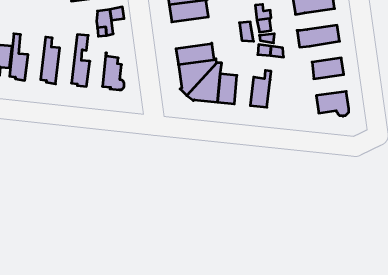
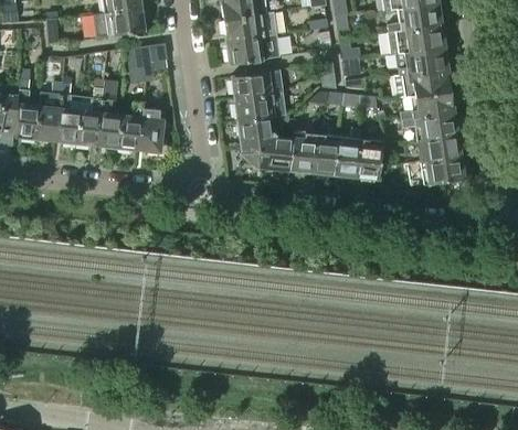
building: none -> [399,46,448,75]
building: none -> [232,69,283,99]
building: none -> [76,78,105,147]
building: none -> [35,83,63,142]
building: none -> [401,89,454,119]
building: none -> [117,104,142,151]
building: none -> [417,133,461,161]
building: none -> [313,135,338,174]
building: none -> [356,140,382,180]

